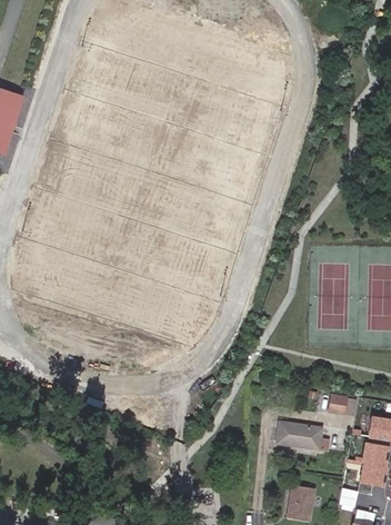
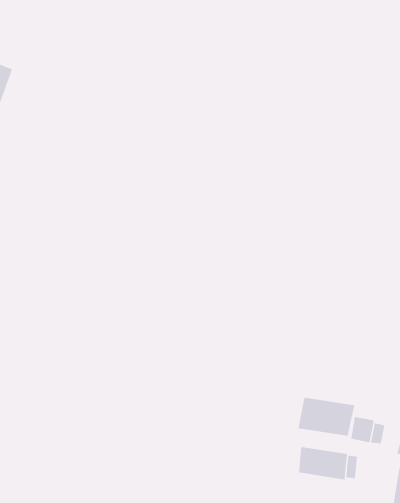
building: none -> [297,397,355,437]

